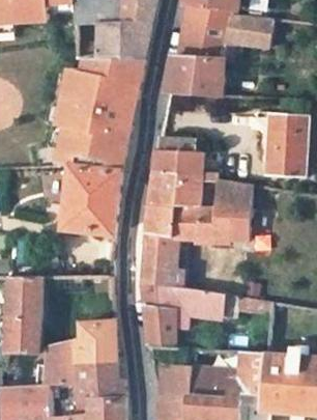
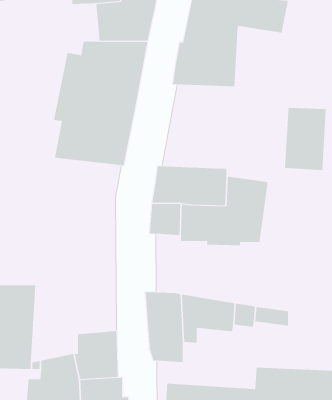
building: [151,138,204,172] -> none
building: [61,164,121,235] -> none
building: [140,231,172,285] -> none

